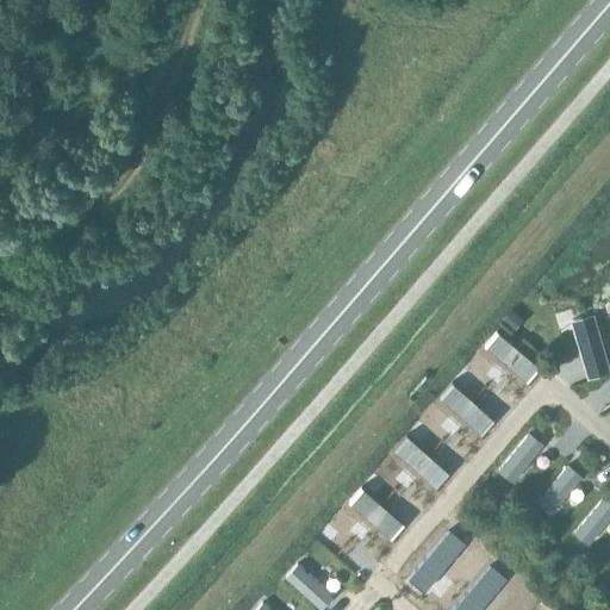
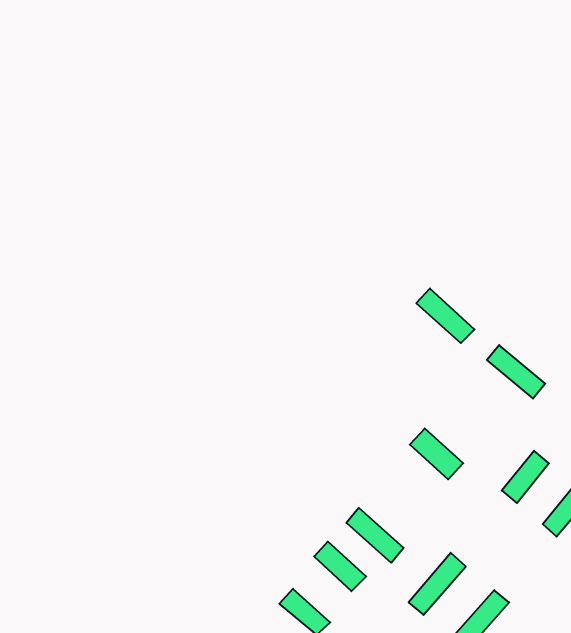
building: [440,384,496,436] -> [416,288,475,343]
building: [394,437,450,488] -> none

